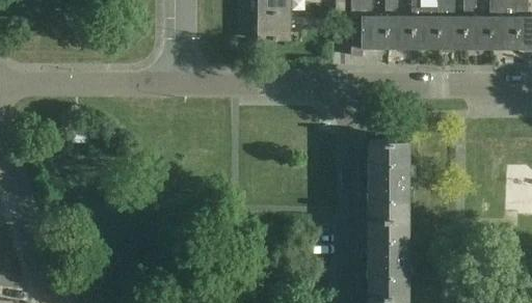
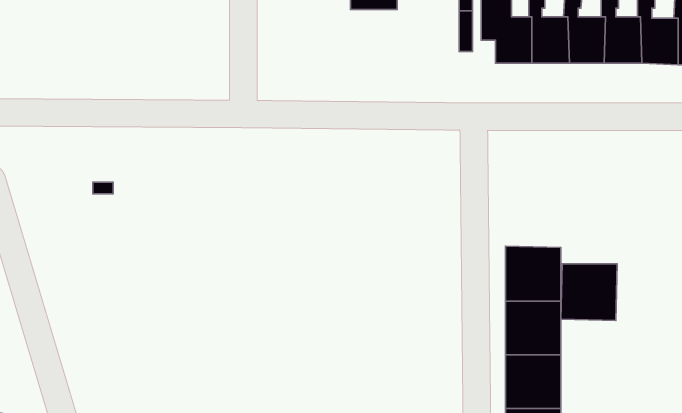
building: [258,10,291,40] -> none
building: [369,140,409,181] -> [561,264,617,320]

